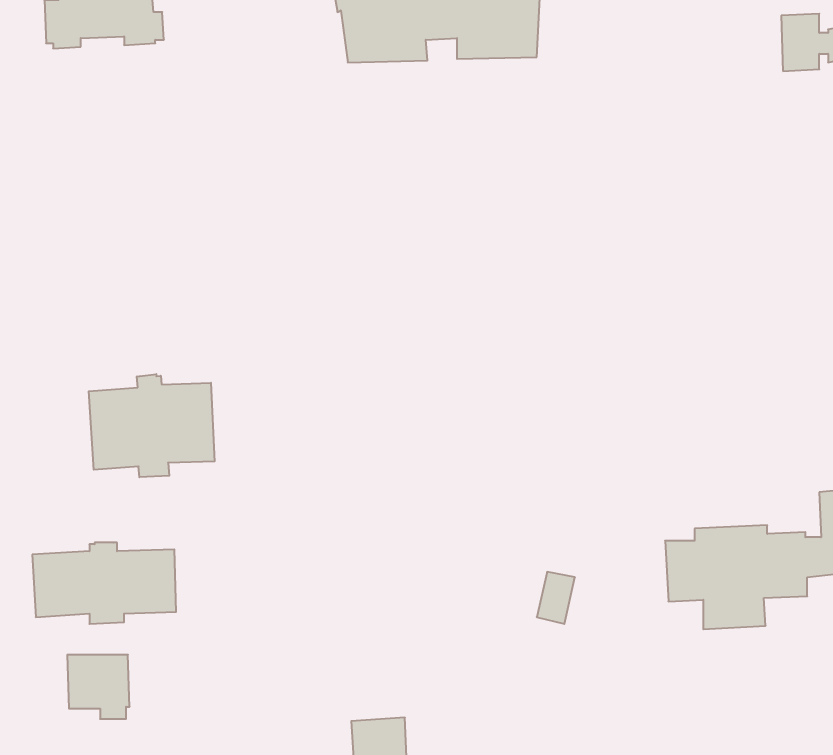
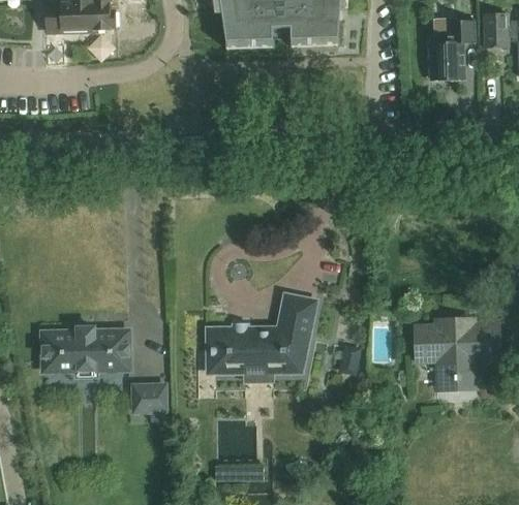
building: none -> [432,21,476,82]
building: [89,374,215,477] -> none
building: none -> [205,294,310,371]
building: [67,655,130,719] -> [132,384,170,422]

